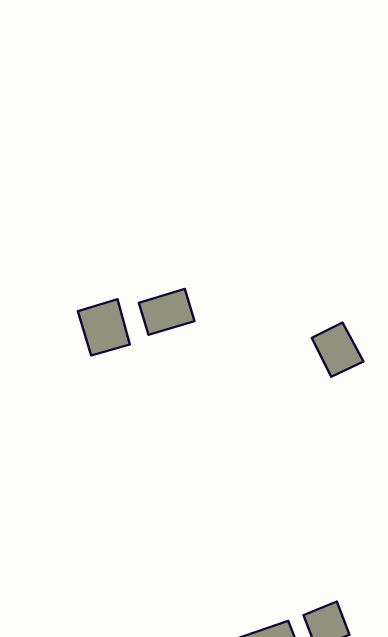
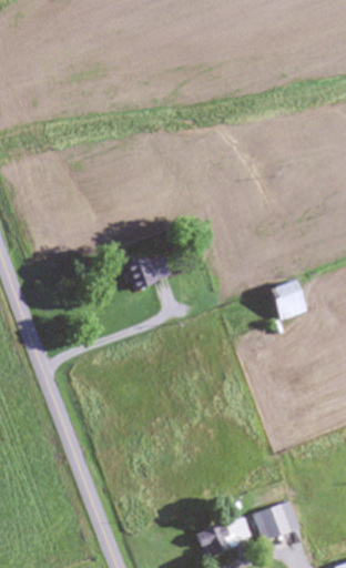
building: [78,299,130,356] -> none

